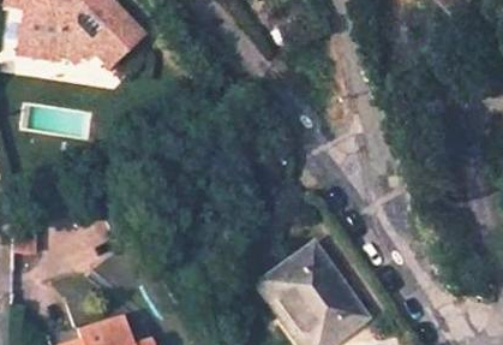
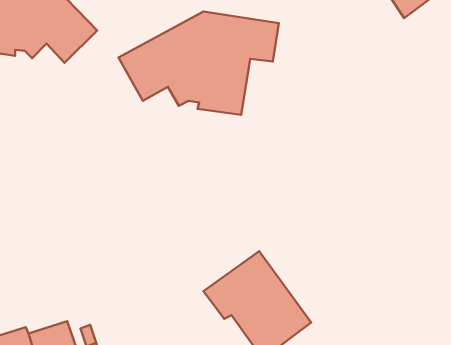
building: none -> [119,12,279,115]

